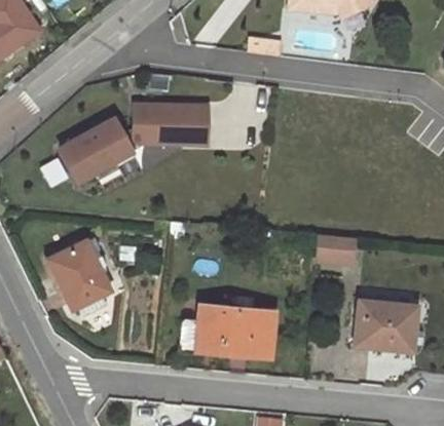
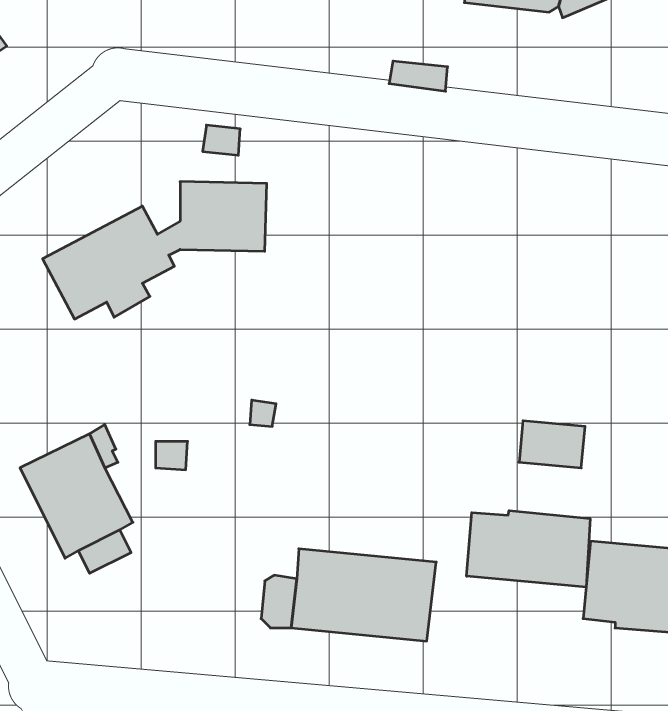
building: [181,105,208,143] -> none
building: none -> [467,511,590,587]

